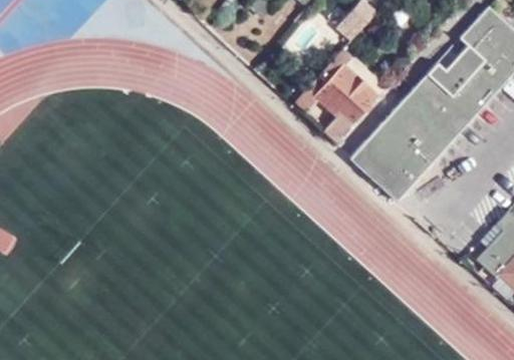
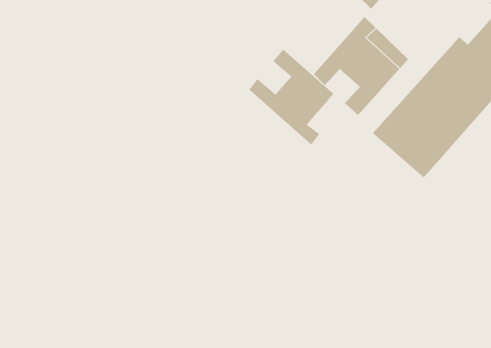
building: none -> [249,49,334,145]

